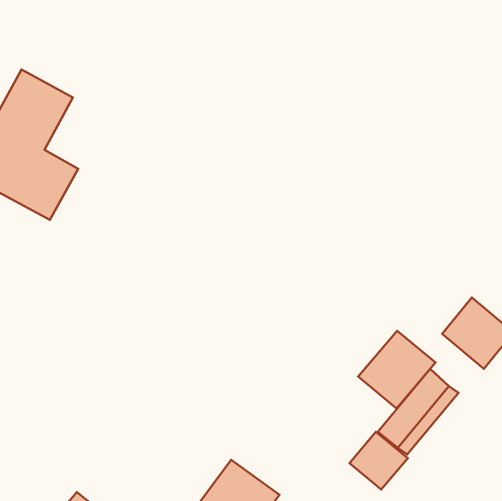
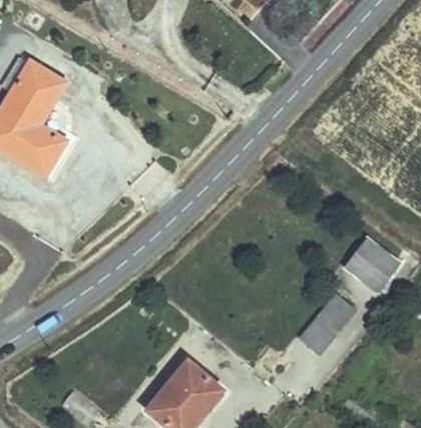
building: [358,331,435,408] -> none
building: [349,432,408,489] -> none

